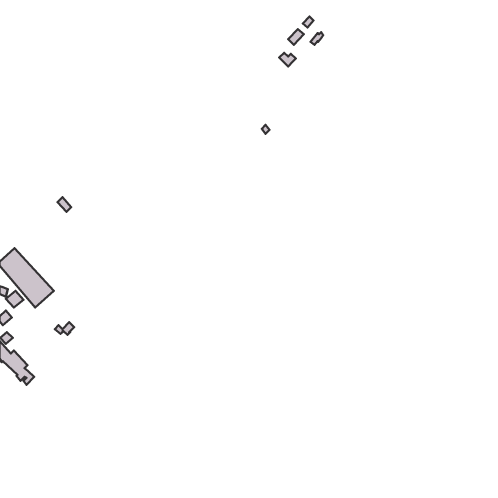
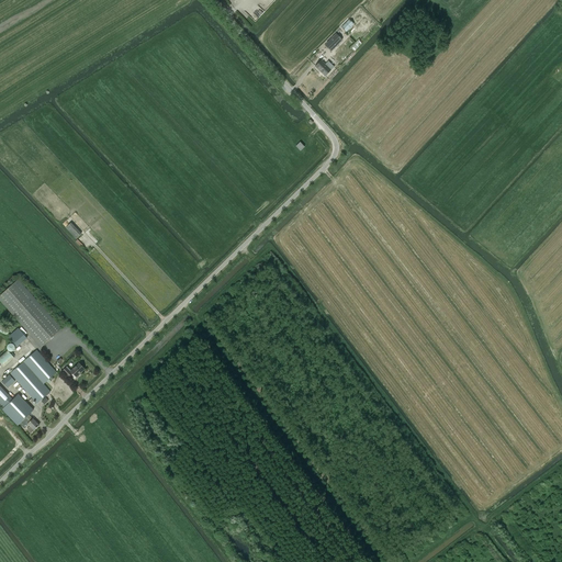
building: none -> [10,349,55,402]

